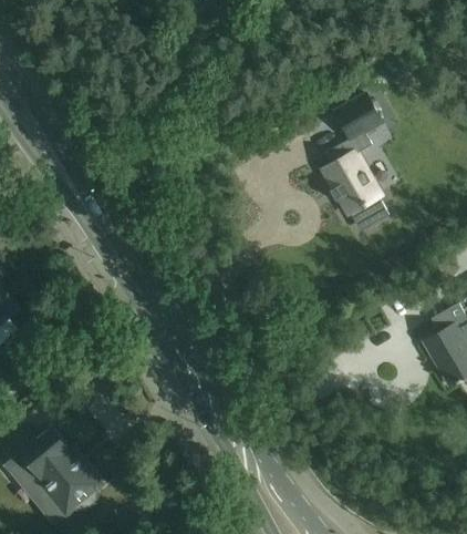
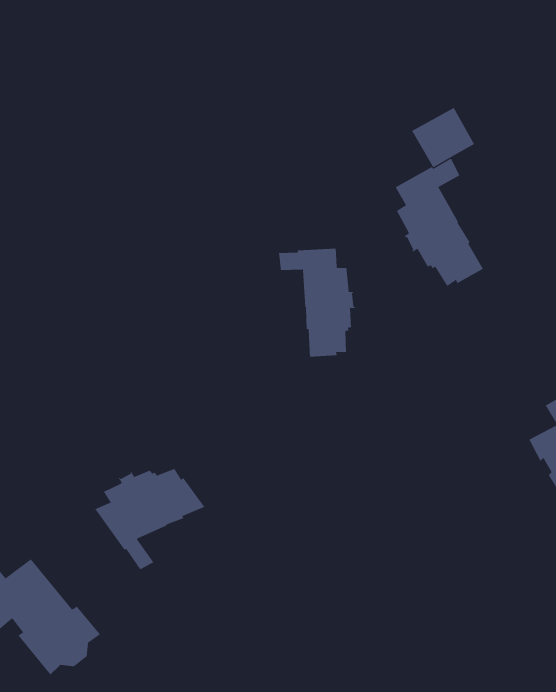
building: none -> [278,248,355,357]
building: none -> [95,468,205,570]

